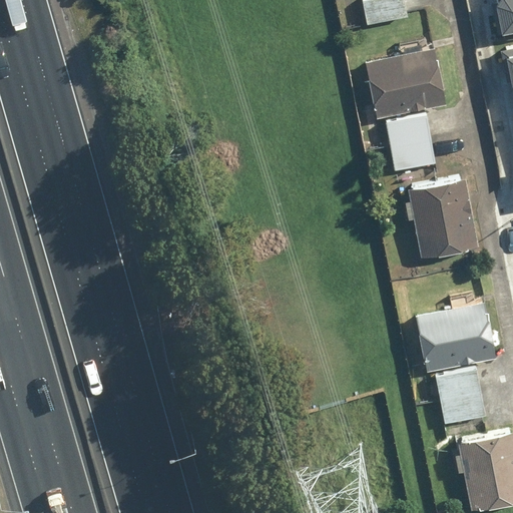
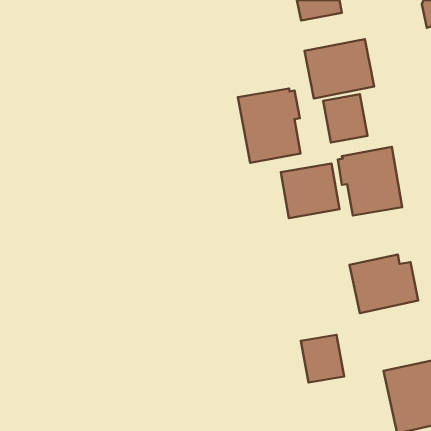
building: none -> [238,89,300,163]
building: none -> [281,164,339,218]
building: [435,369,486,425] -> [301,335,344,382]

